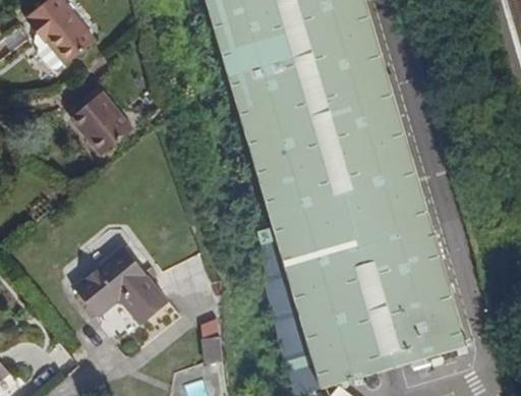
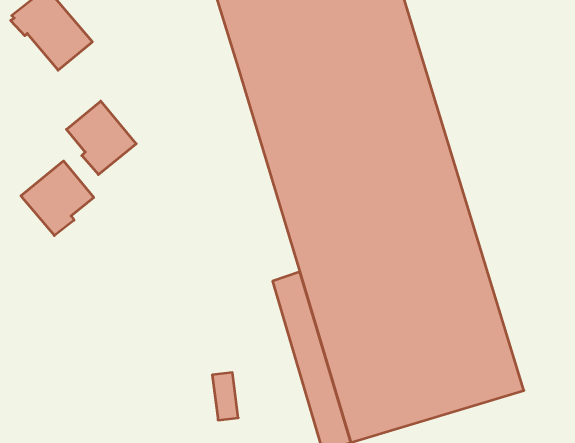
building: none -> [21,161,94,236]
building: [66,257,160,334] -> none

